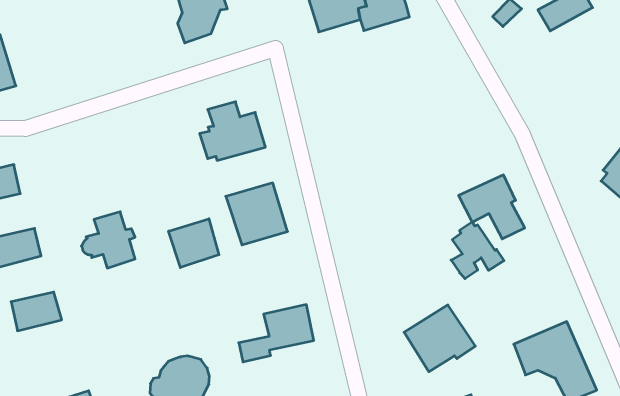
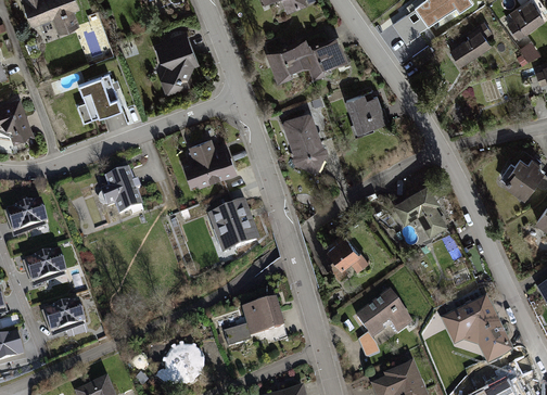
building: none -> [71,77,116,122]
building: none -> [343,92,384,136]
building: none -> [282,110,328,164]
building: [81,212,135,268] -> [94,168,138,214]
building: [169,219,219,268] -> none
building: [451,222,504,279] -> [327,232,369,278]

